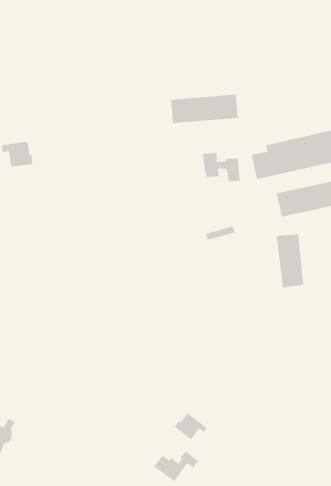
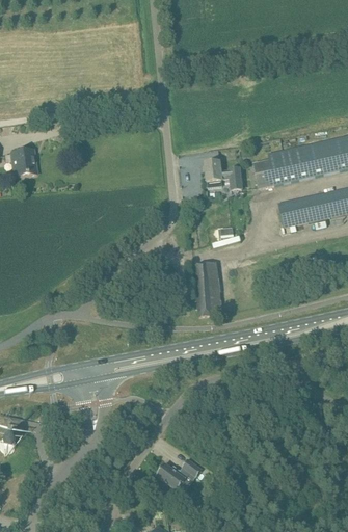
building: [171,94,238,124] -> none
building: [276,234,304,288] -> [193,262,221,316]
building: [174,412,207,440] -> none

